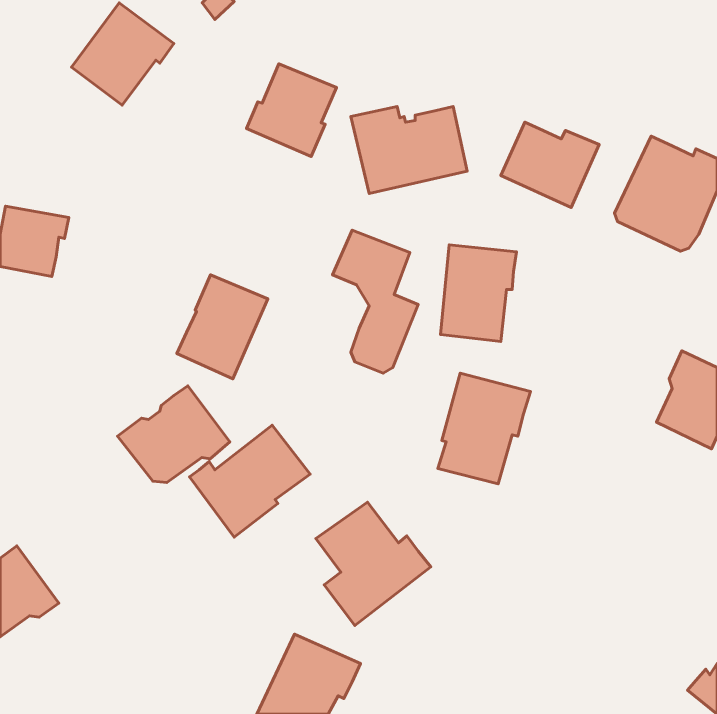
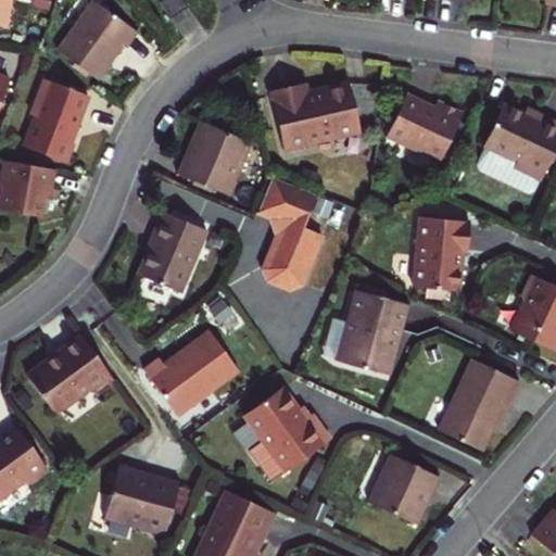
building: [247,64,336,156] -> [182,124,252,195]
building: none -> [21,79,85,162]
building: [441,245,516,342] -> [415,214,473,289]
building: [118,386,230,483] -> [23,332,110,407]
building: none -> [439,356,522,448]
building: none -> [374,455,441,523]
building: none -> [108,468,181,533]

